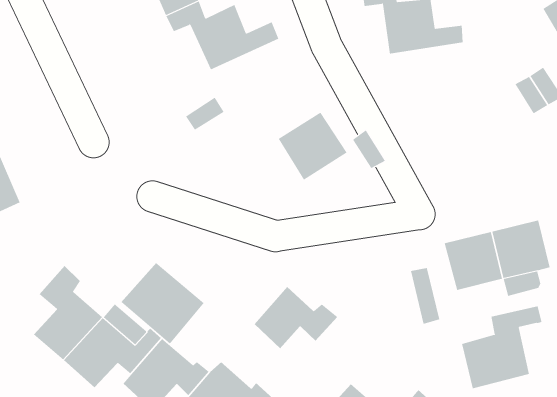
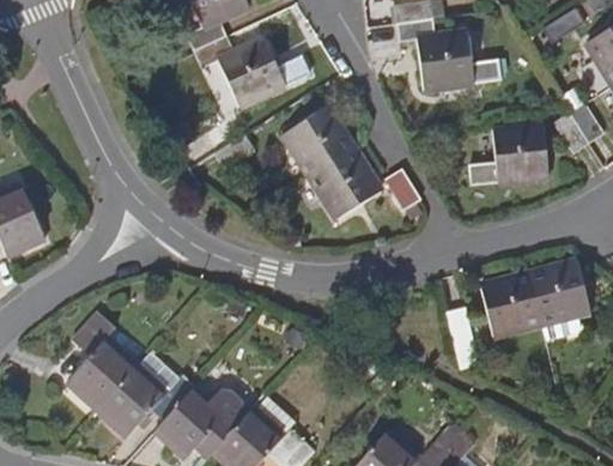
building: none -> [284,107,356,177]
building: none -> [451,125,532,187]
building: [120,262,204,344] -> none
building: [254,286,338,349] -> none
building: [461,305,542,389] -> none

